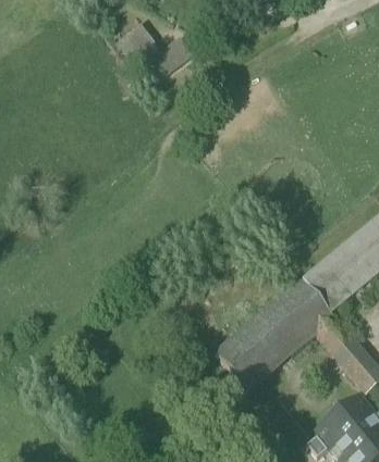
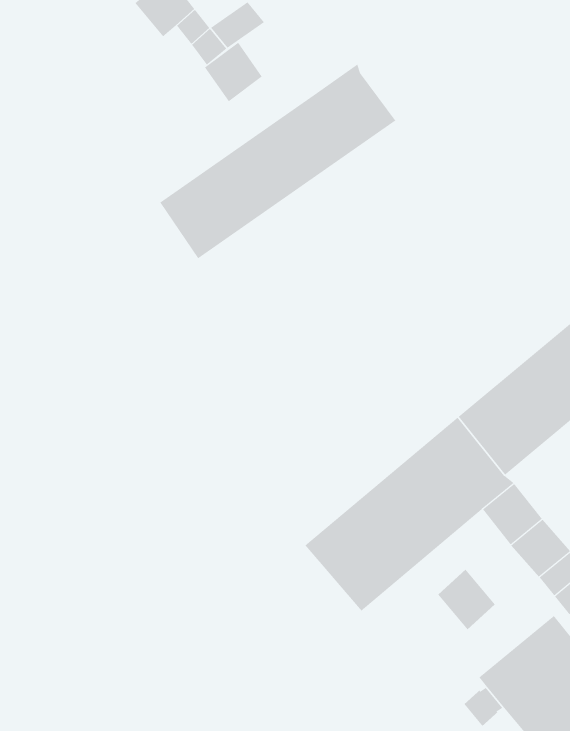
building: none -> [204,42,262,102]
building: none -> [160,64,396,259]
building: none -> [438,569,496,630]

